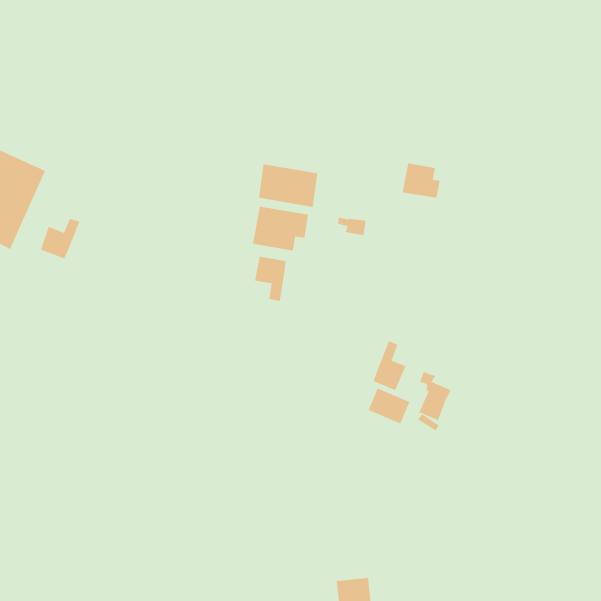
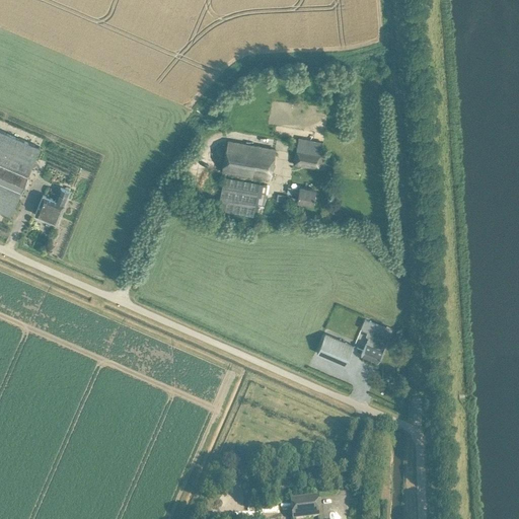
building: [402,163,441,198] -> [293,139,326,169]
building: [255,256,286,302] -> none
building: [373,340,406,391] -> none

